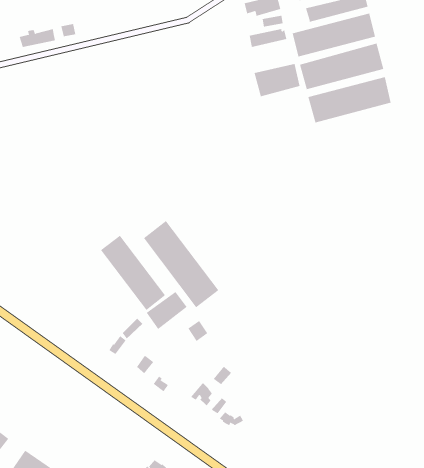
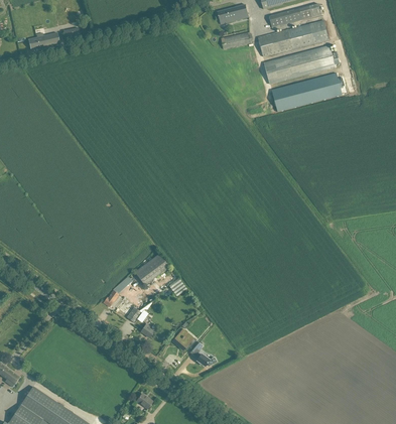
building: [254,63,300,97] -> none
building: [143,220,219,308] -> none
building: [100,235,166,311] -> none

